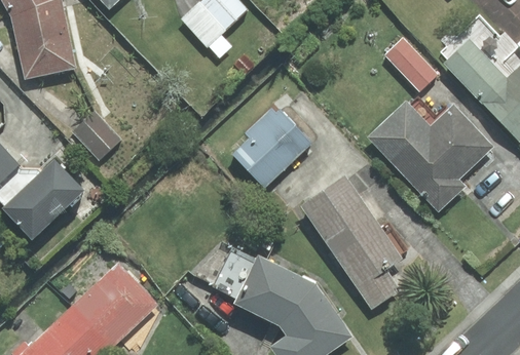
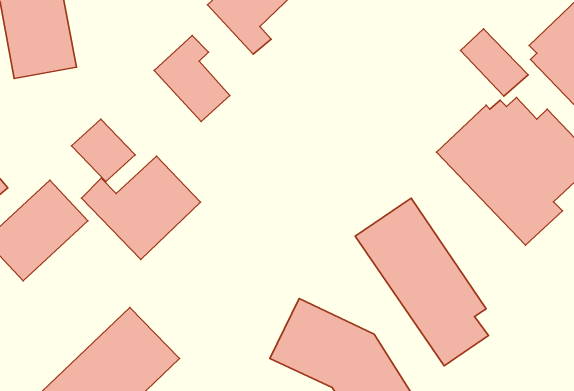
building: none -> [154,35,230,122]
building: [234,107,310,188] -> none
building: none -> [82,156,200,260]

